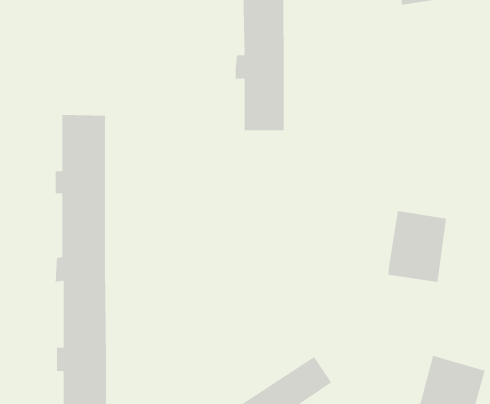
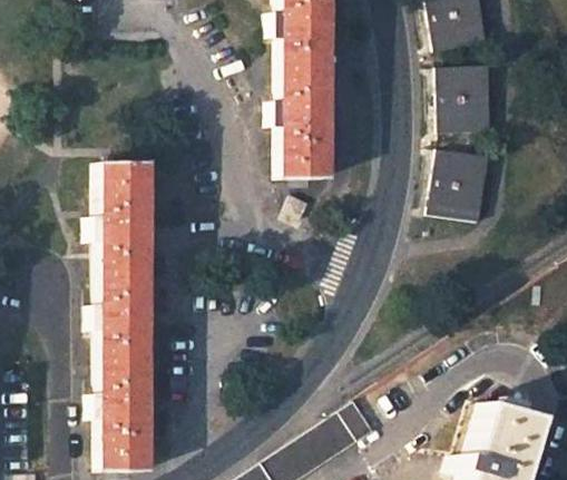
building: none -> [447,66,499,131]
building: [387,211,447,282] -> [437,147,497,219]

